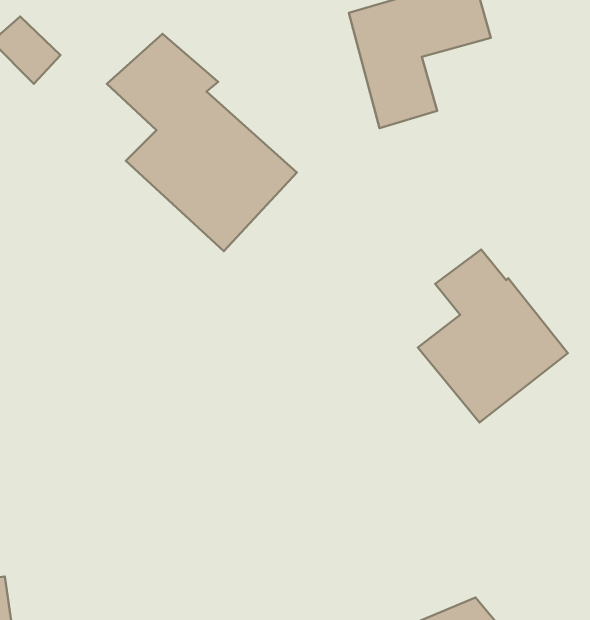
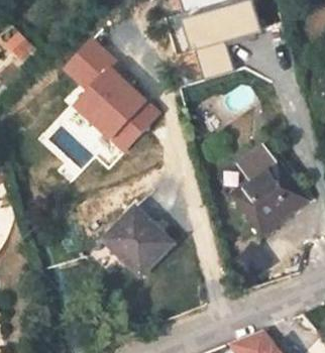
building: none -> [92,199,176,275]

